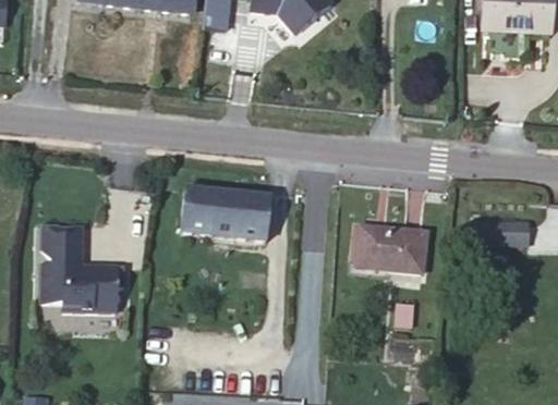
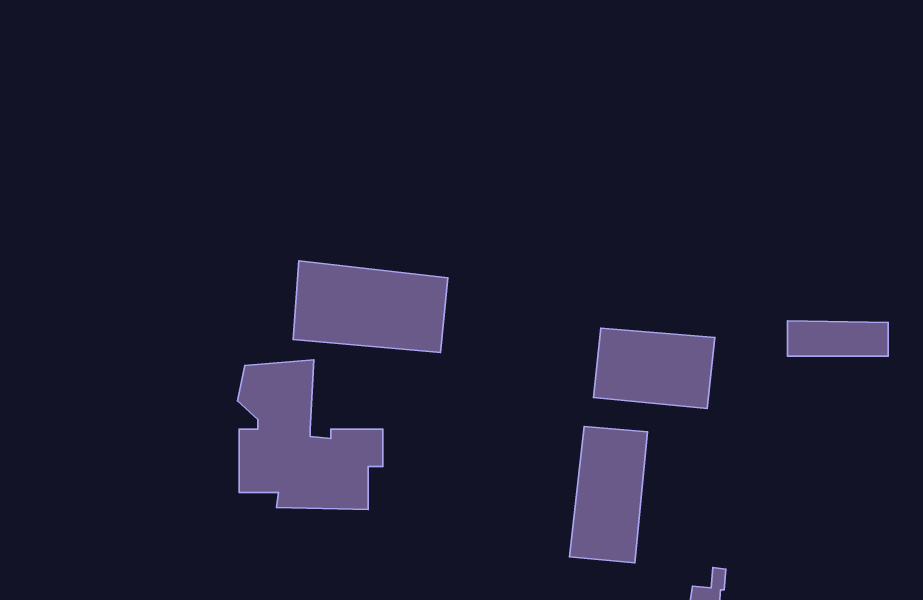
building: [39,224,124,311] -> [237,360,383,509]
building: none -> [570,426,648,563]

